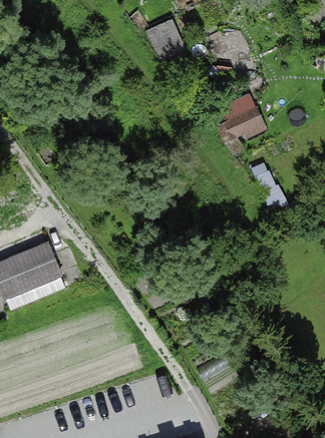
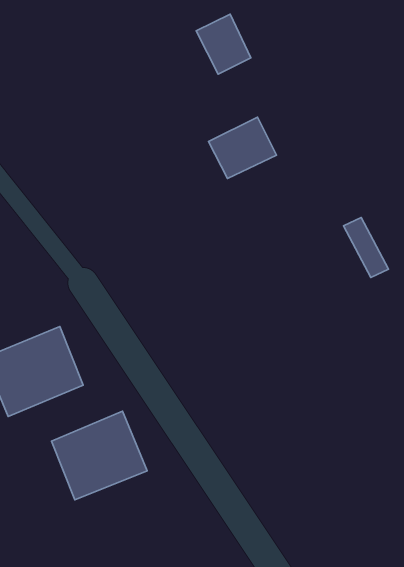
building: [216,95,266,140] -> [208,117,277,178]
building: none -> [51,411,147,500]

